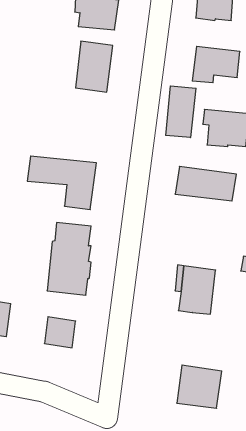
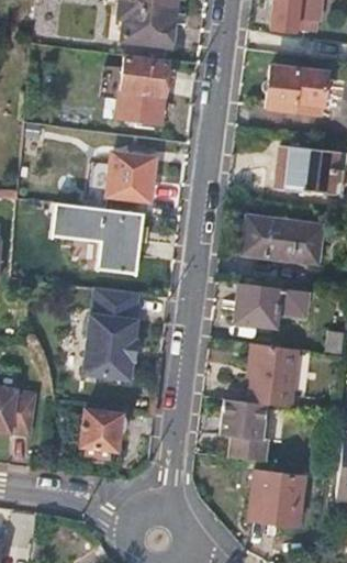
building: [166,86,196,138] -> none
building: none -> [109,153,153,198]
building: none -> [235,284,303,327]
building: none -> [220,398,267,461]

